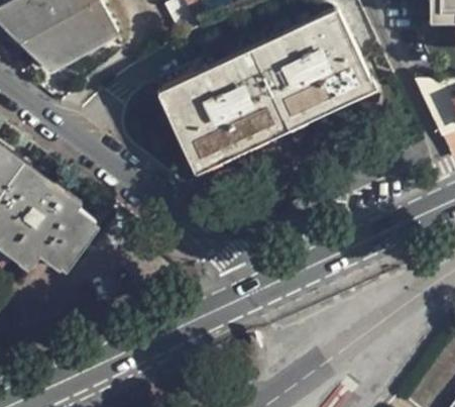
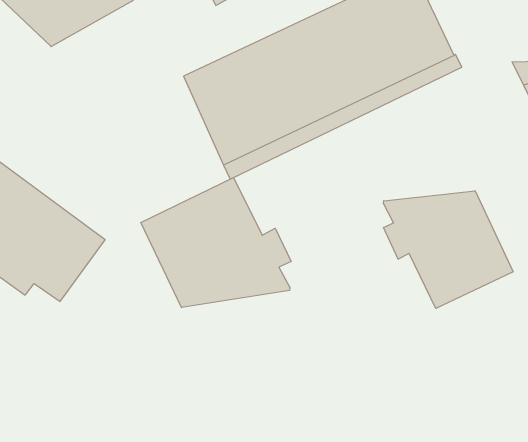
building: none -> [141,178,291,308]
building: none -> [383,191,513,308]

